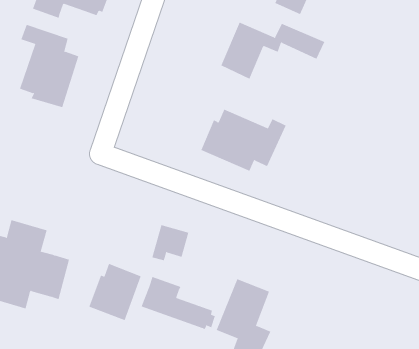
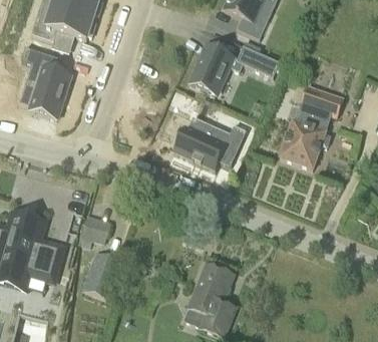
building: none -> [280,84,344,167]
building: [152,224,189,261] -> [79,214,111,245]
building: [141,276,215,330] -> none

